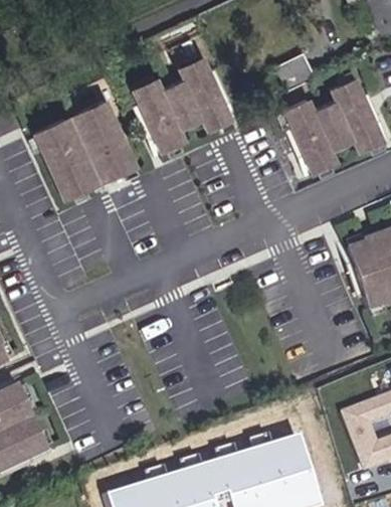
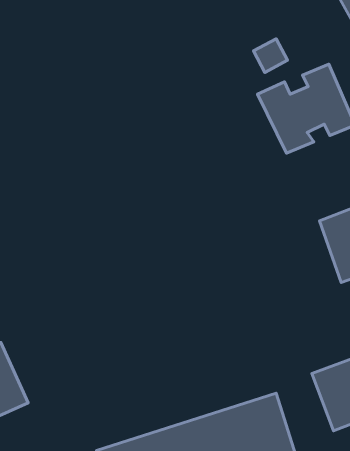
building: [130,53,236,155] -> none
building: [29,93,130,191] -> none

